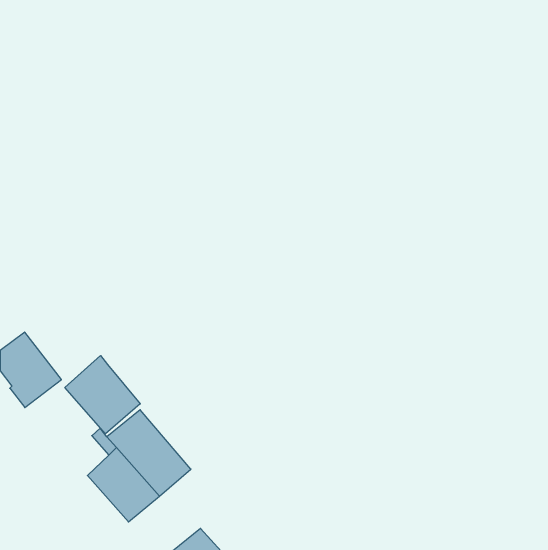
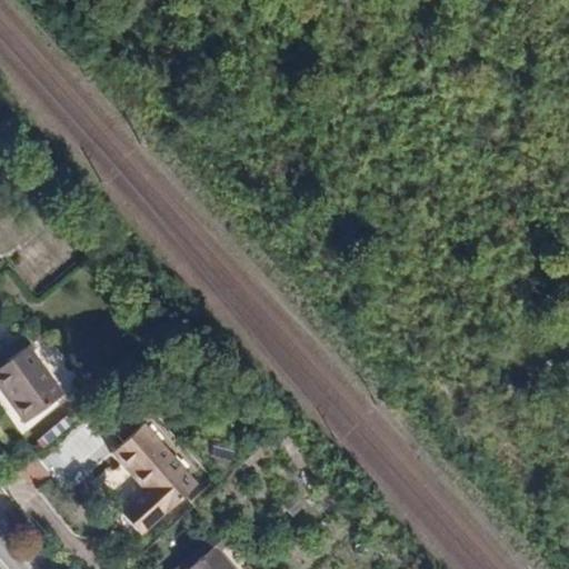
building: [65,356,140,434] -> none

